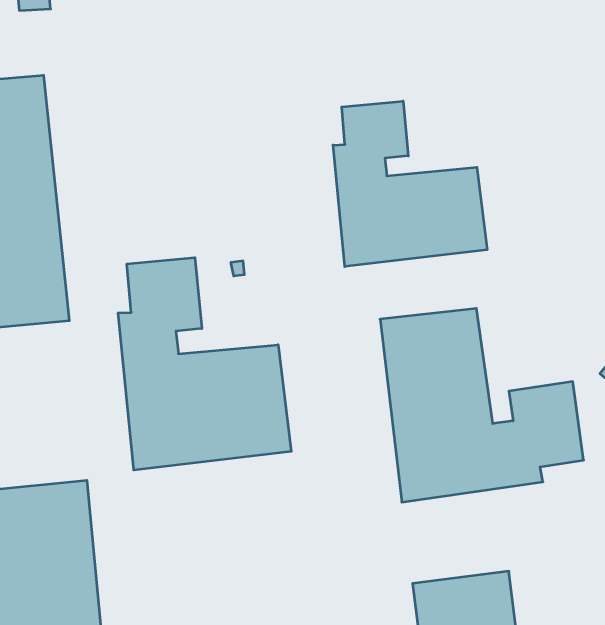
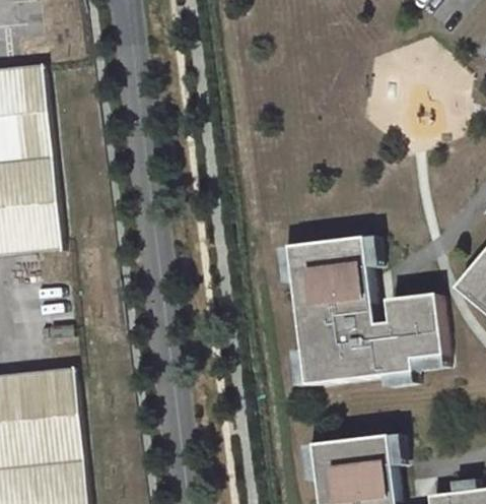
building: [333,101,487,267] -> none
building: [118,258,291,470] -> none

